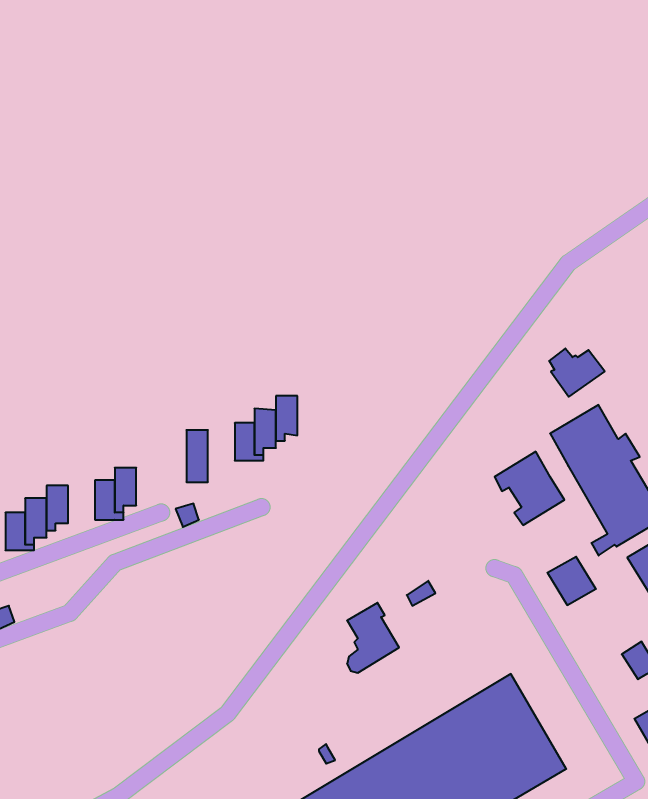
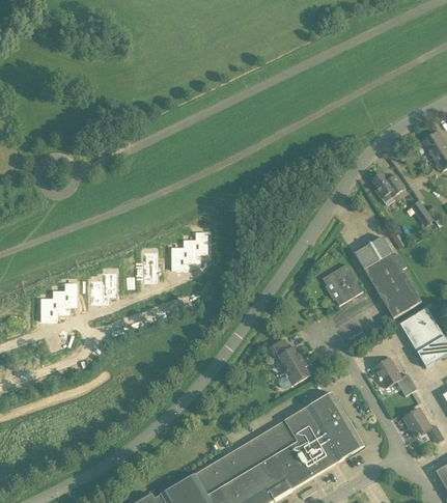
building: [549,348,605,397] -> [372,174,404,202]
building: [547,557,596,605] -> [372,359,400,387]
building: [347,603,399,673] -> [278,347,308,388]

